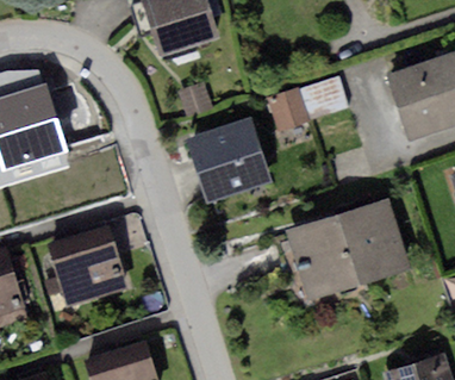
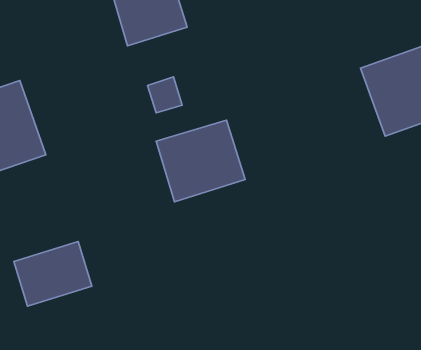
building: [270,75,348,127] -> none
building: [287,200,407,298] -> none

